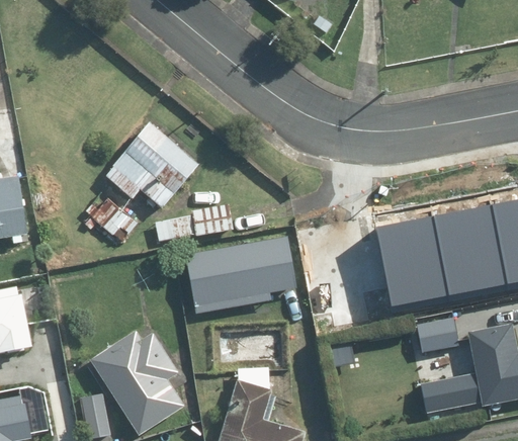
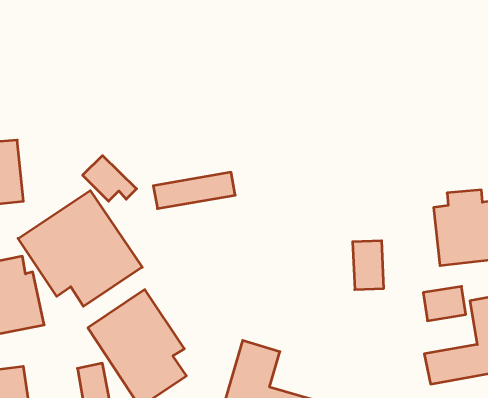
building: [100,124,194,207] -> none
building: none -> [18,191,142,306]
building: [378,236,421,275] -> none
building: [191,240,300,316] -> none

